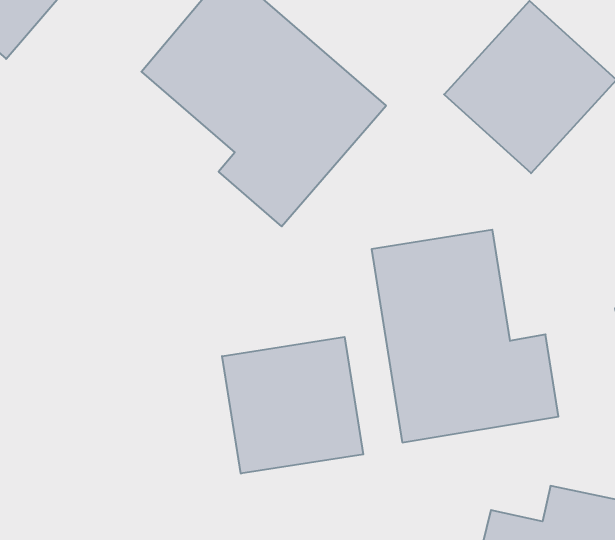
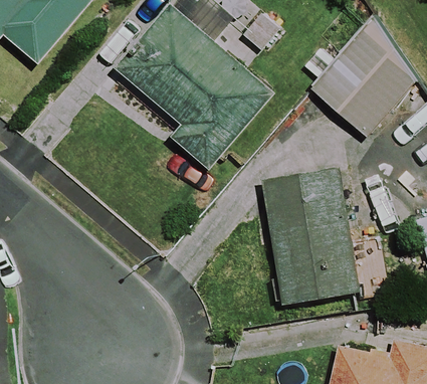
building: [222,337,363,474] -> none

